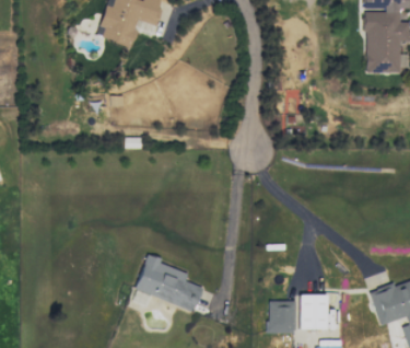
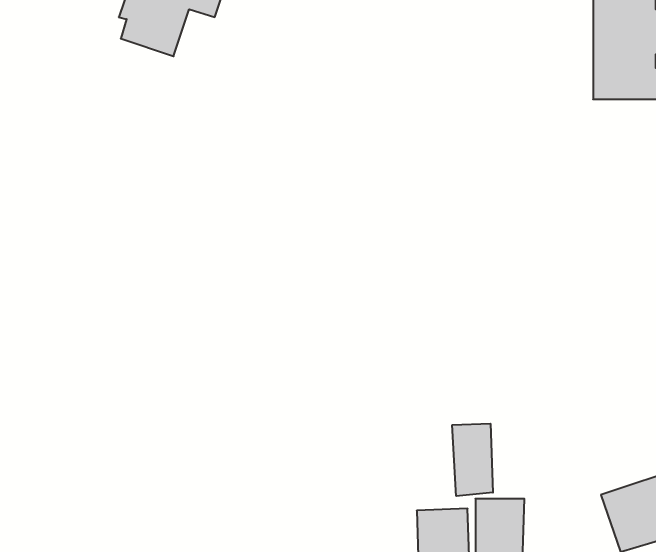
building: none -> [452,424,493,496]
building: [134,254,202,311] -> none

